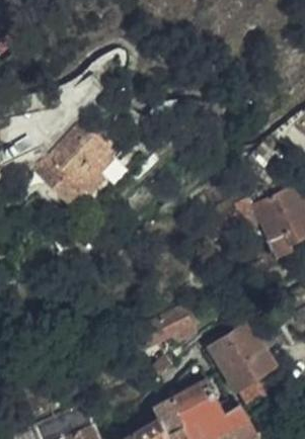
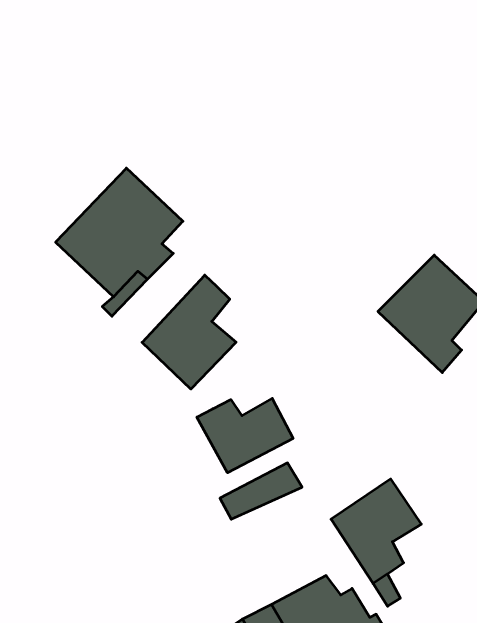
building: none -> [142,275,236,389]
building: none -> [197,398,293,473]

